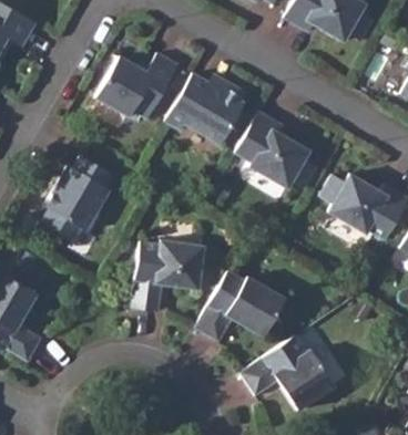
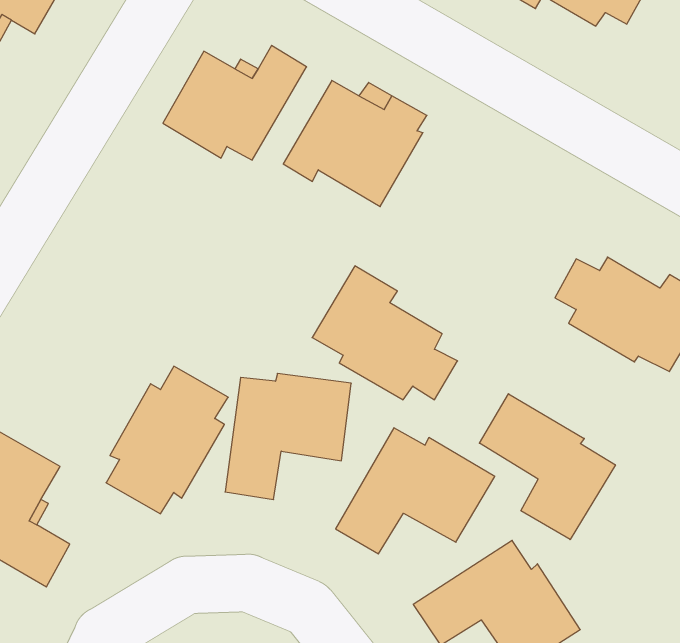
building: [234,112,317,188] -> [312,266,458,400]
building: [42,156,112,240] -> [106,366,228,514]
building: none -> [479,394,615,540]

